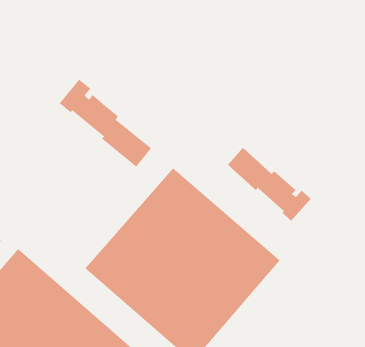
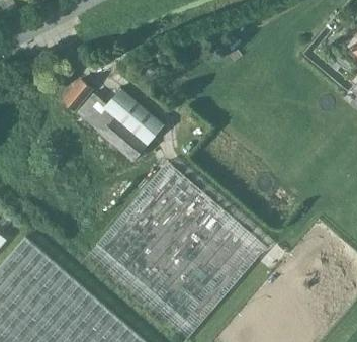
building: none -> [105,88,164,144]
building: [227,147,311,222] -> none

